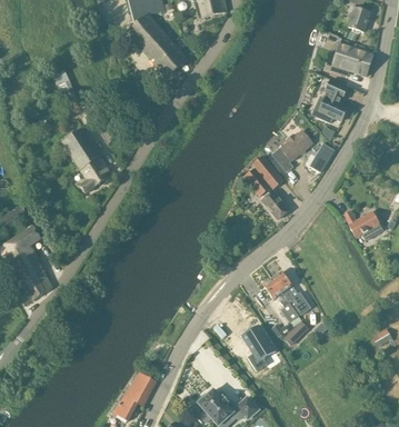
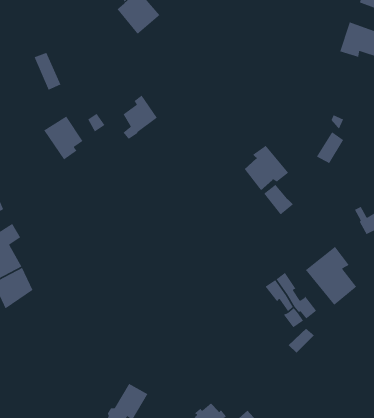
building: [147,37,187,77] -> none
building: [311,79,348,123] -> none
building: [272,130,312,171] -> none
building: [80,151,112,192] -> [122,95,158,140]
building: none -> [304,246,357,306]
building: [241,324,276,370] -> none

